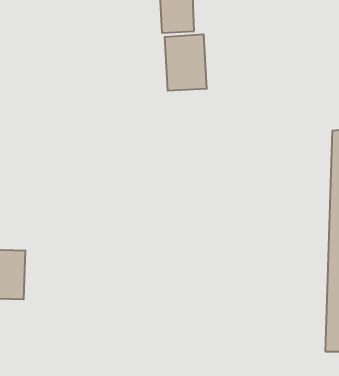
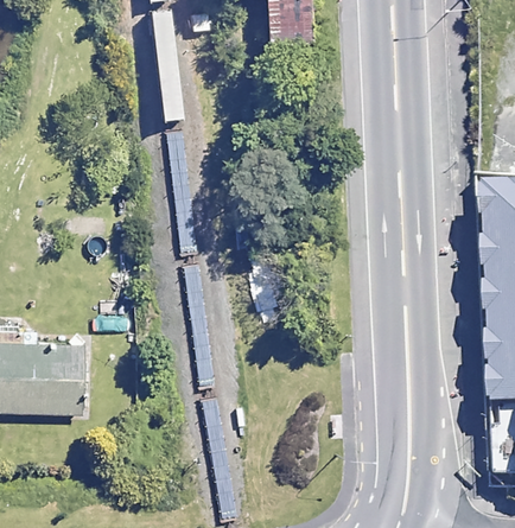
building: [165,34,207,91] -> none

